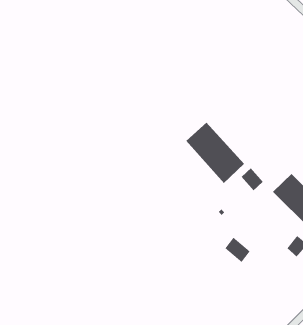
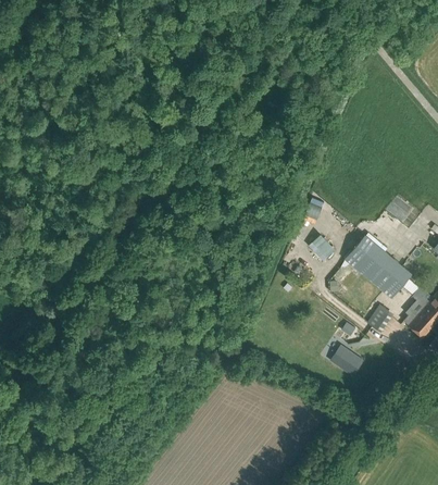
building: [185,122,245,184] -> none
building: [225,237,250,263] -> [331,346,362,375]

